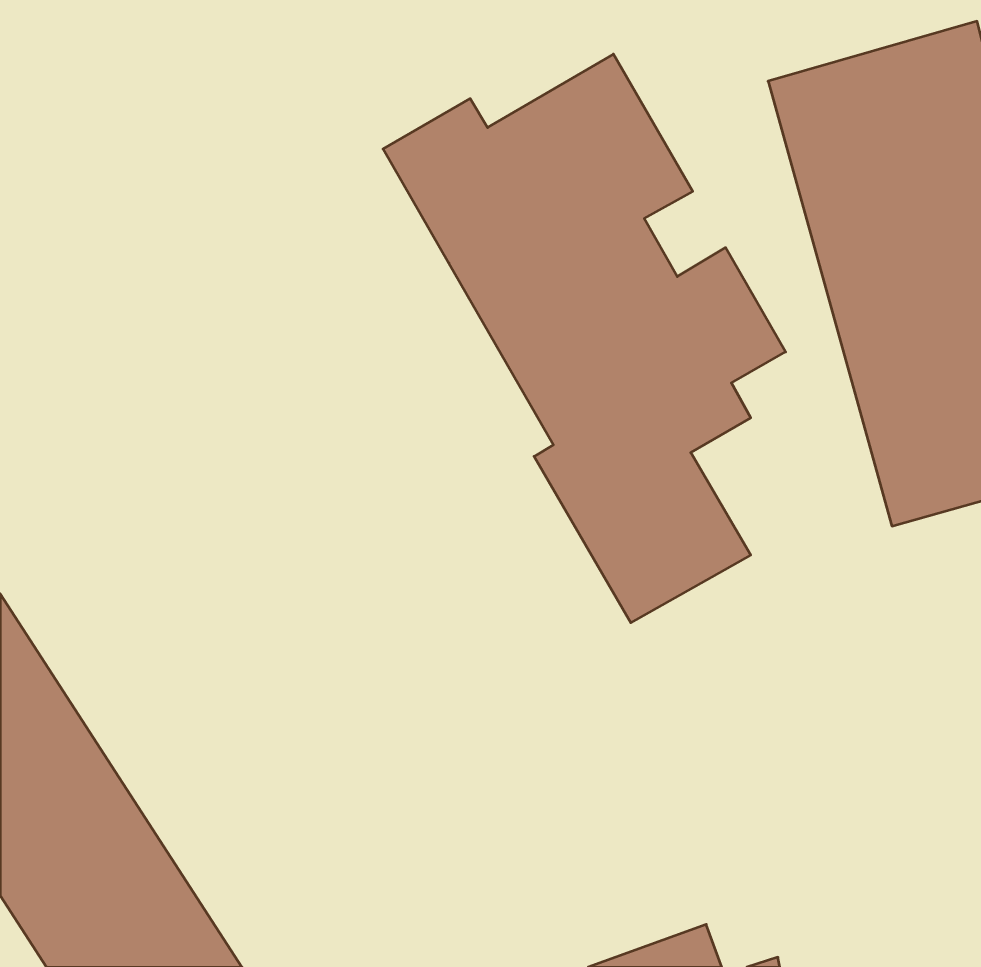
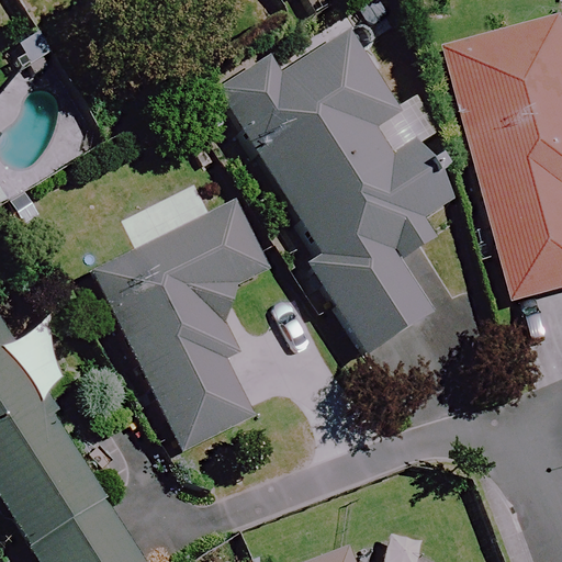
building: none -> [94,199,270,451]

